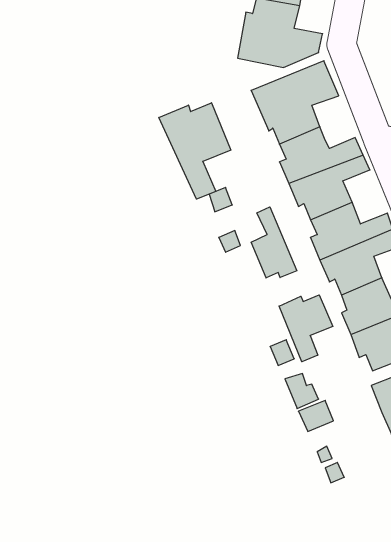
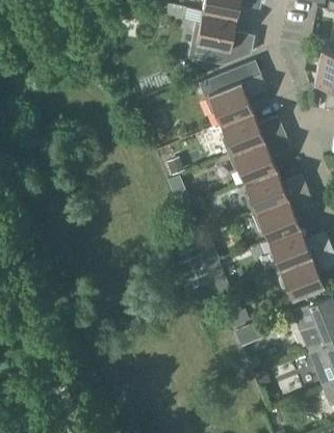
building: [159,103,231,199] -> none
building: [251,207,297,278] -> none
building: [279,295,333,362] -> none

